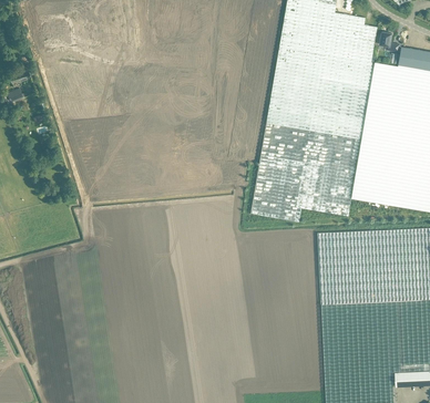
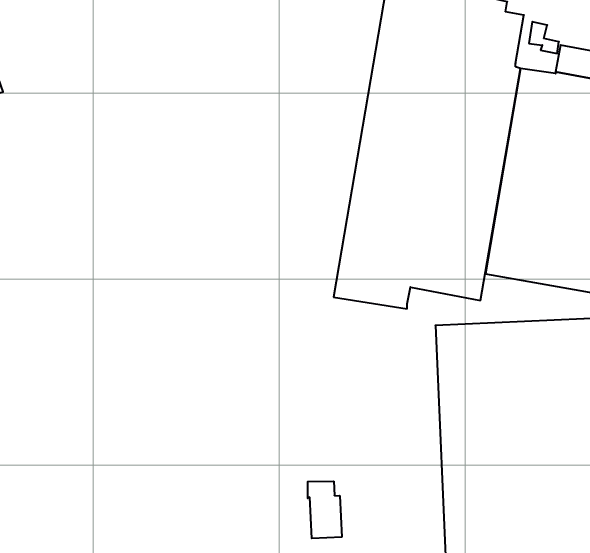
building: none -> [308,481,342,538]

